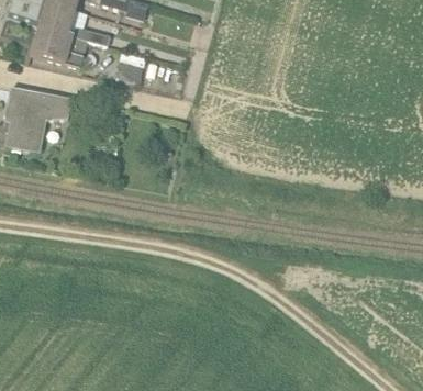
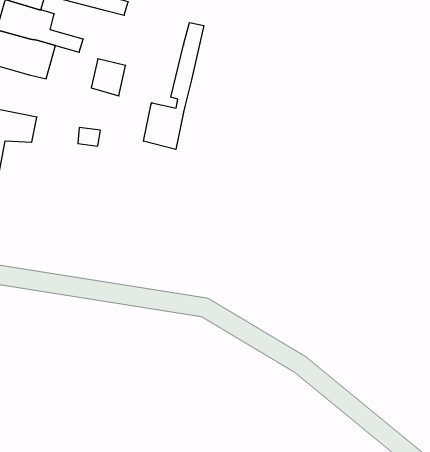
building: none -> [144,23,204,149]

